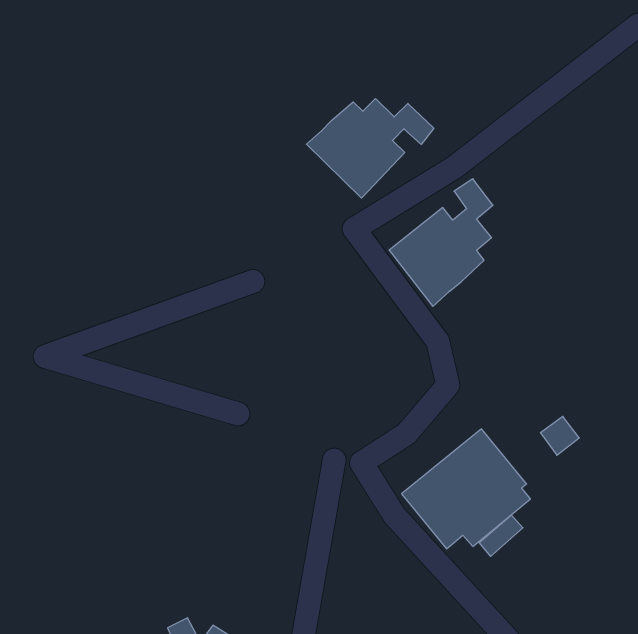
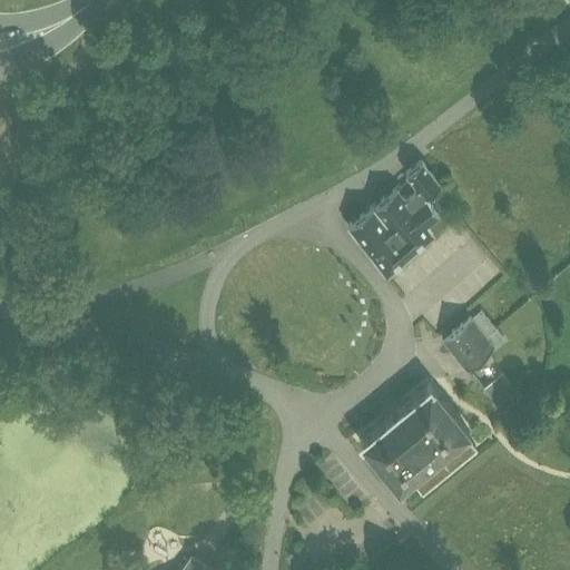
building: [306,99,434,198] -> none
building: none -> [441,313,501,371]

